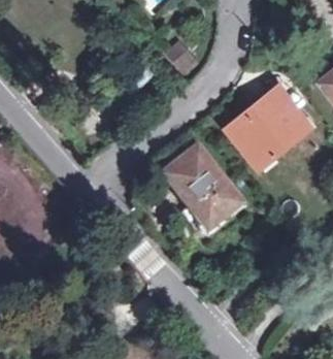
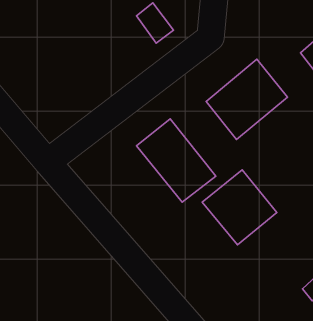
building: none -> [202,170,277,245]

